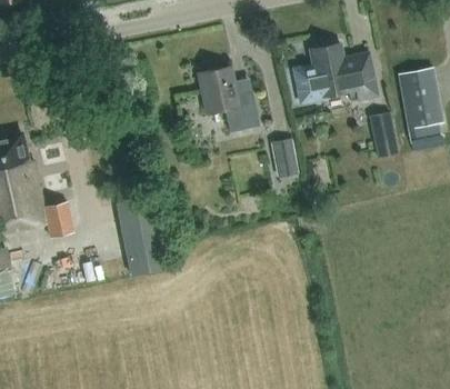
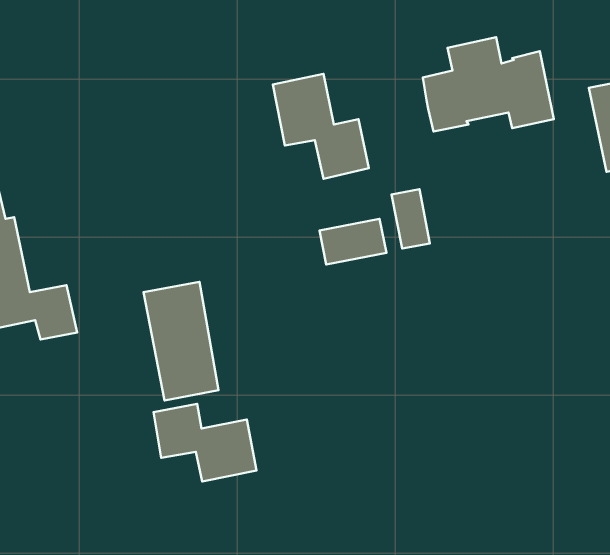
building: [368,111,396,143] -> none
building: none -> [319,219,386,265]
building: none -> [153,404,257,481]

